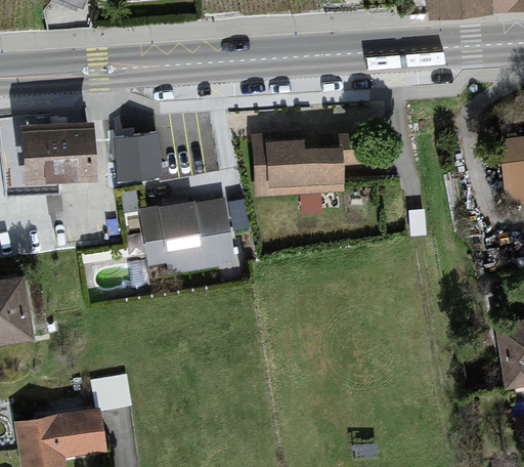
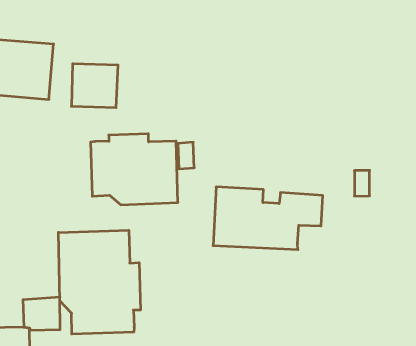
building: [252,133,362,197] -> [213,187,323,250]
building: none -> [58,230,140,334]

